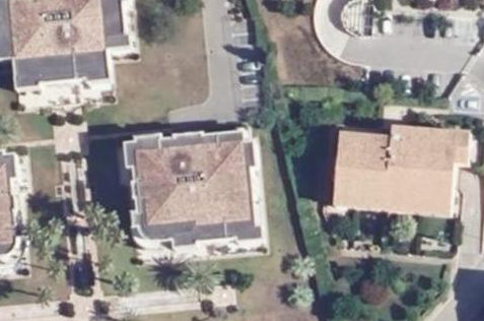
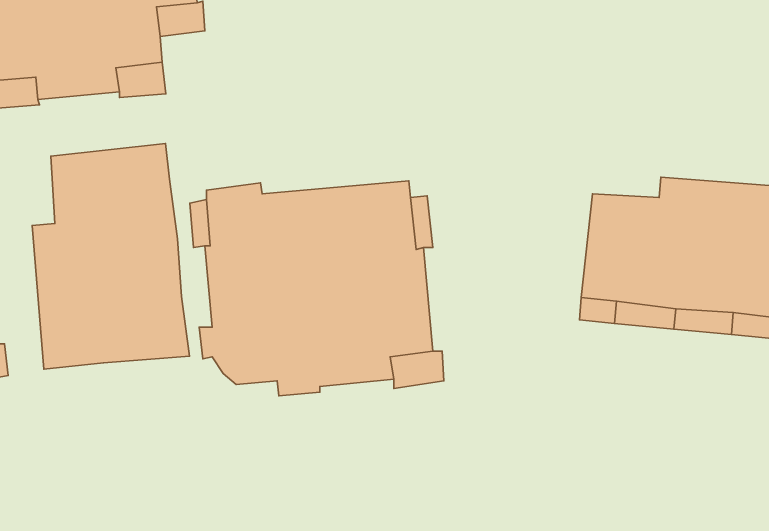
building: none -> [32,144,189,369]

